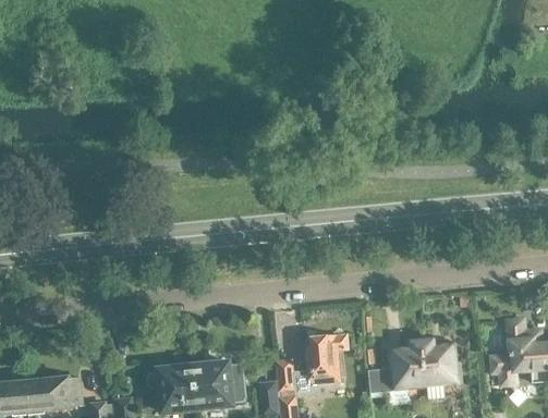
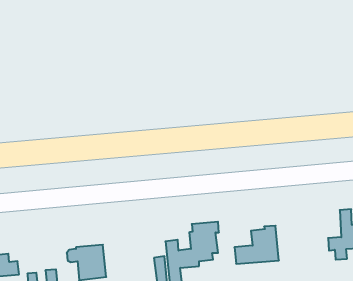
building: [422,339,459,385] -> none
building: [193,360,241,407] -> none

